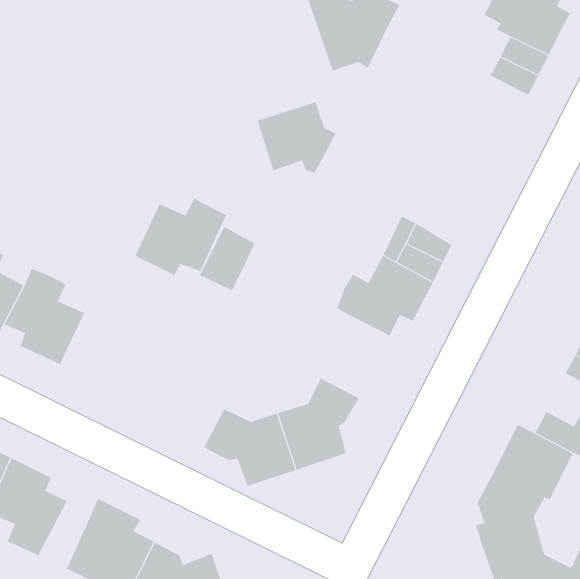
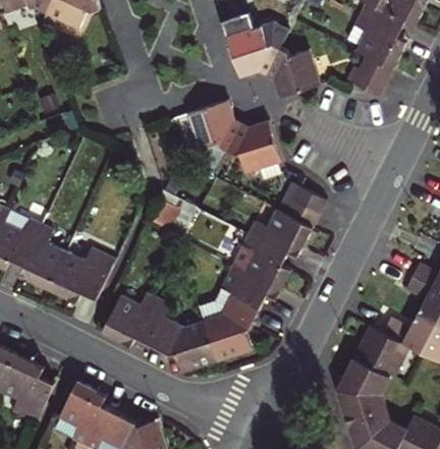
building: none -> [265,48,320,99]
building: none -> [227,121,281,180]
building: [134,198,227,276] -> [48,245,113,300]
building: none -> [220,252,289,310]
building: none -> [102,292,169,344]

